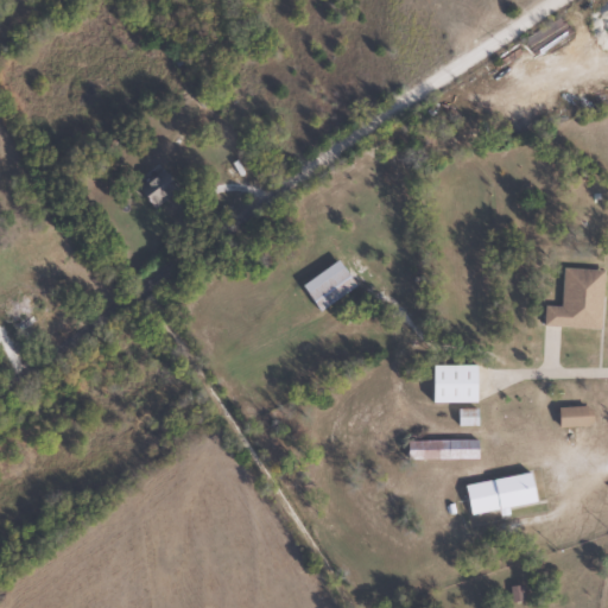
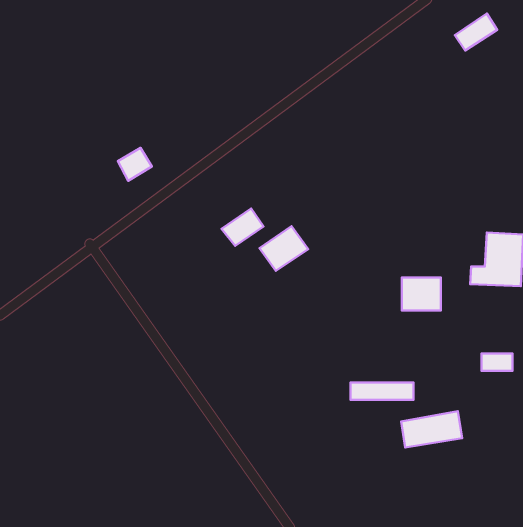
building: none -> [221,209,263,246]
building: [432,365,477,403] -> [402,277,441,311]

